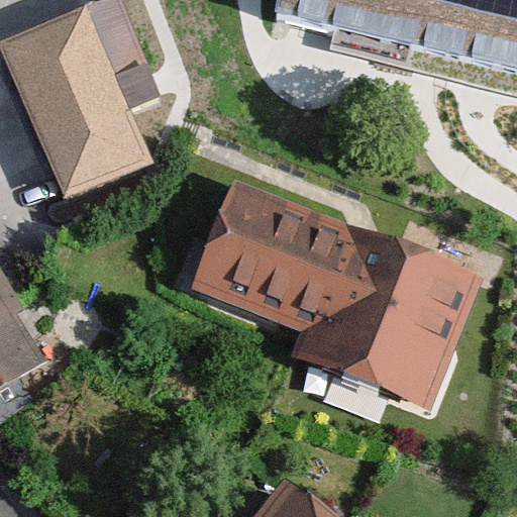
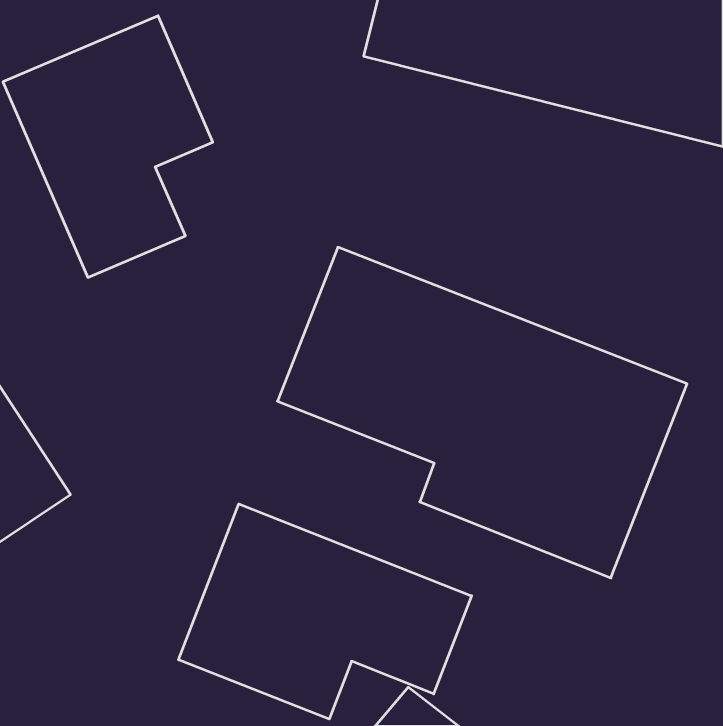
building: none -> [179,504,472,719]

